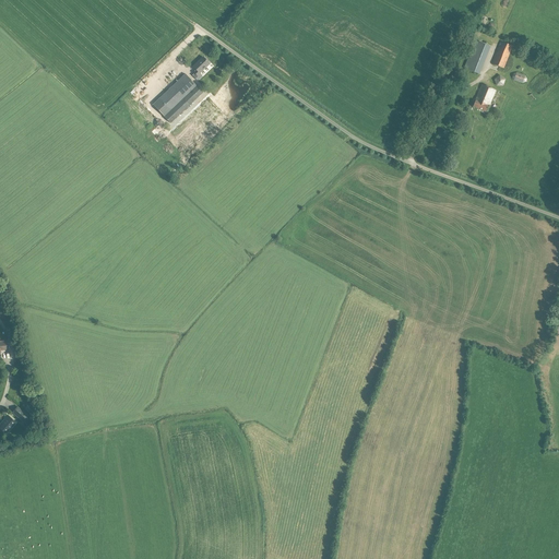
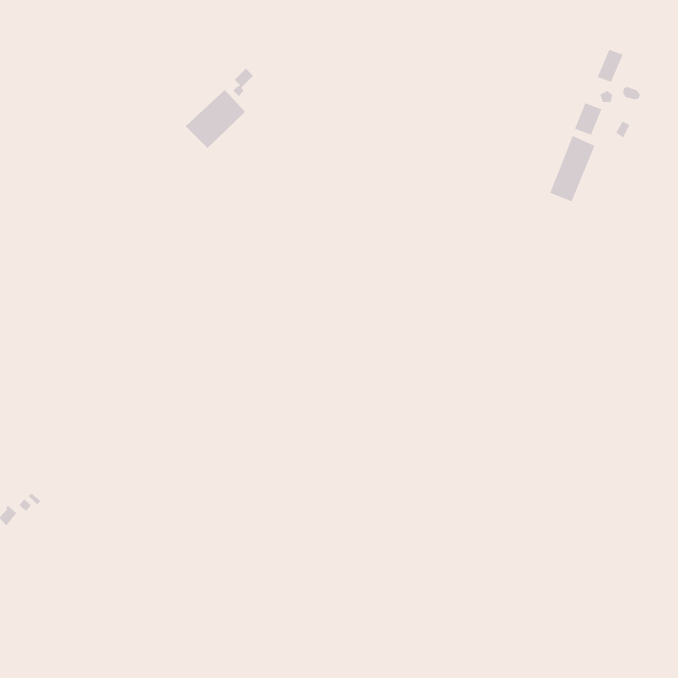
building: [463,39,489,73] -> none
building: none -> [550,135,595,202]

